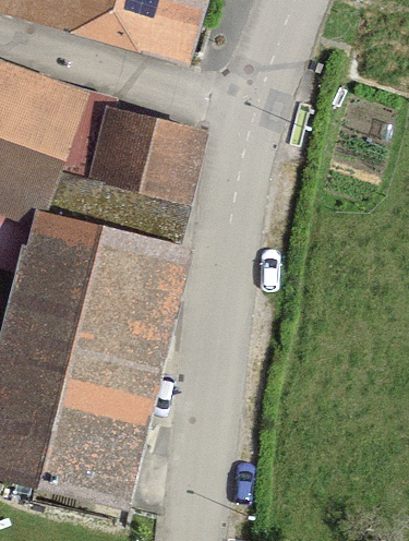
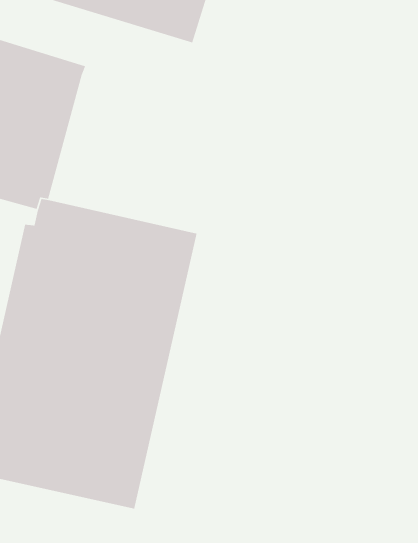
building: [48,96,205,242] -> none

